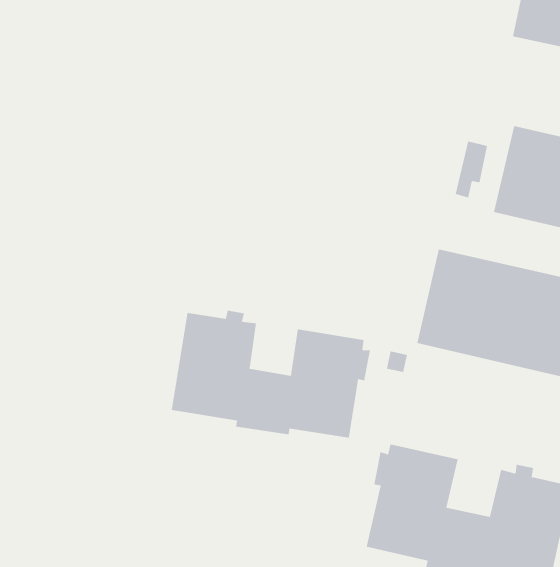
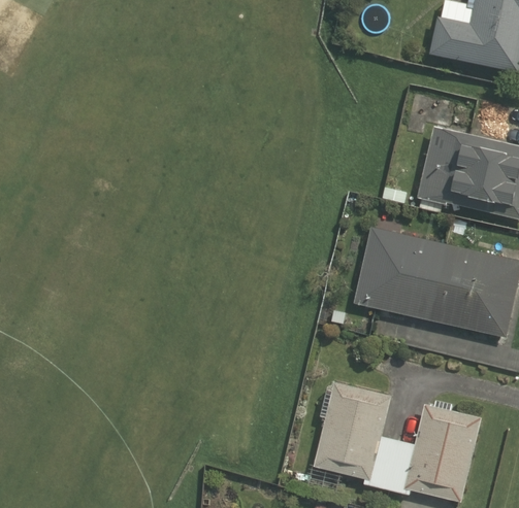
building: [171,310,371,439] -> none

